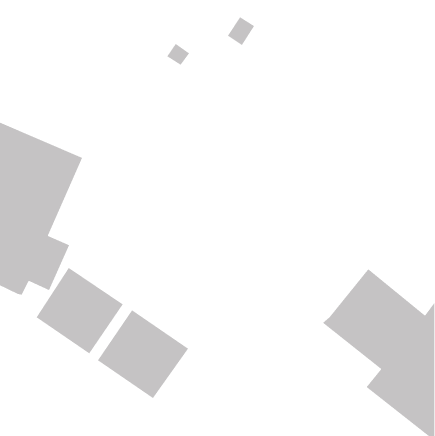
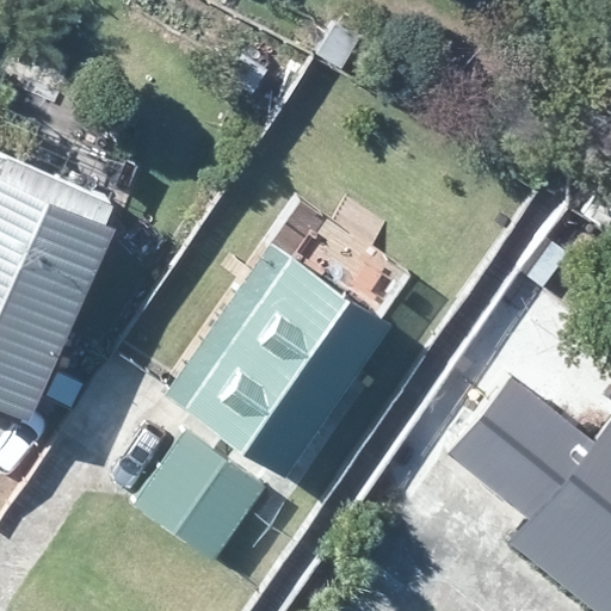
building: none -> [187,255,393,475]
building: [35,267,124,355] -> none

